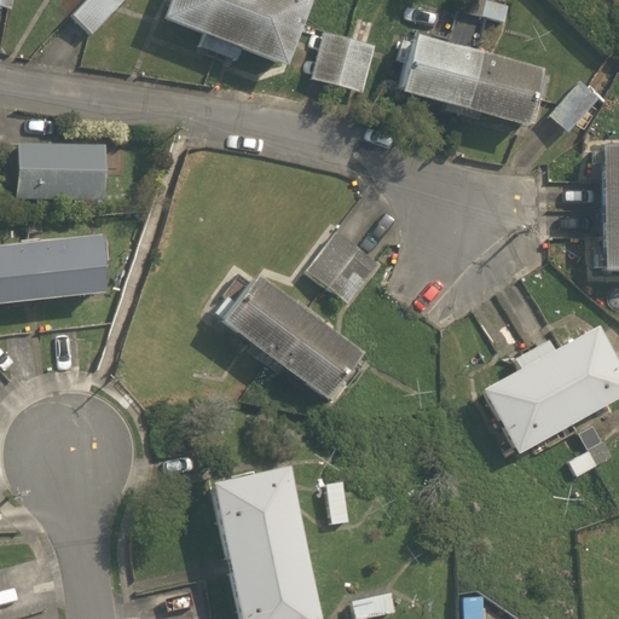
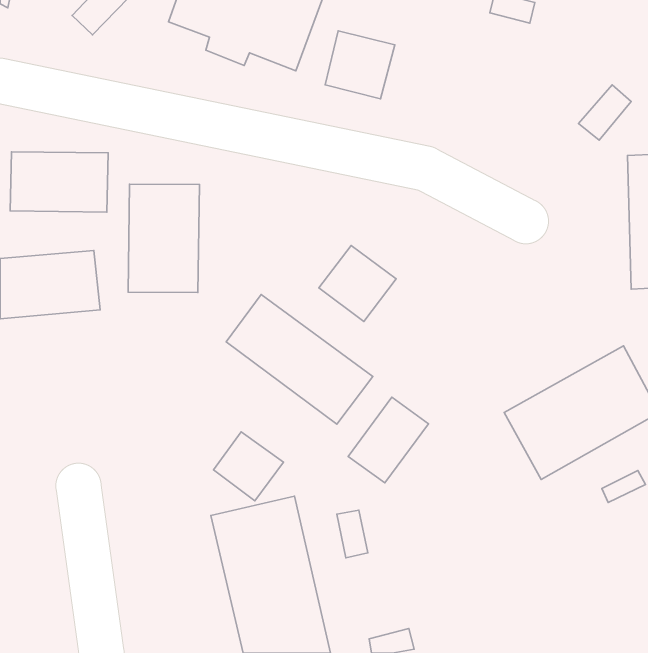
building: [400,34,543,126] -> none
building: none -> [128,184,199,292]
building: none -> [348,397,428,483]
building: none -> [214,432,283,501]

